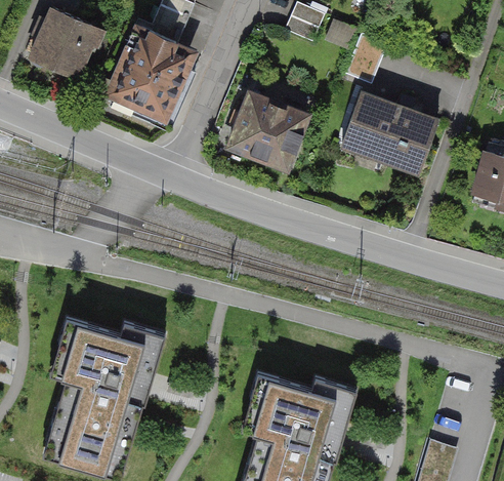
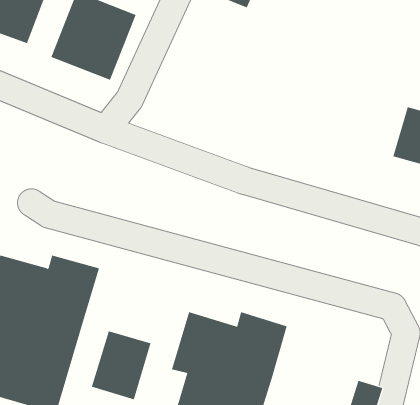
building: [224,88,313,178] -> none
building: [340,89,442,185] -> none
building: none -> [91,331,151,400]

